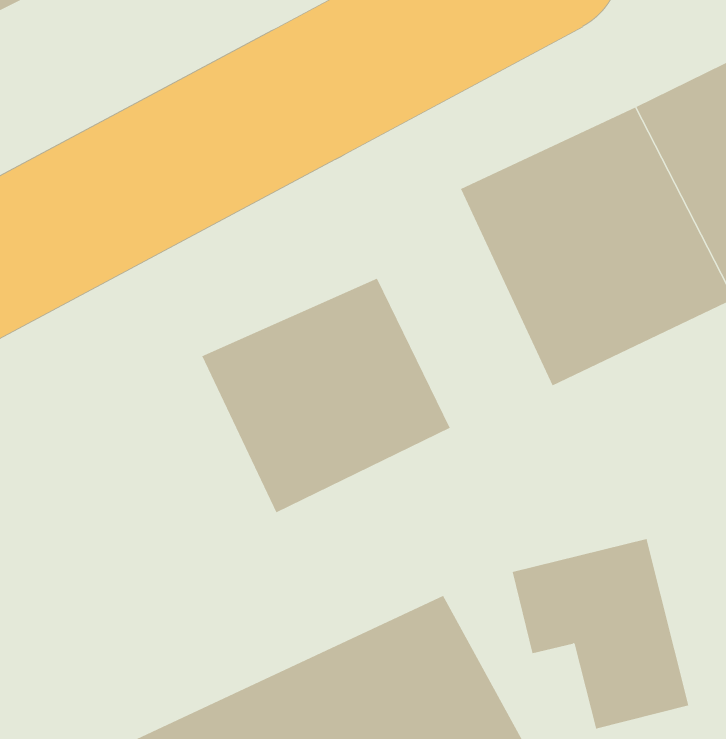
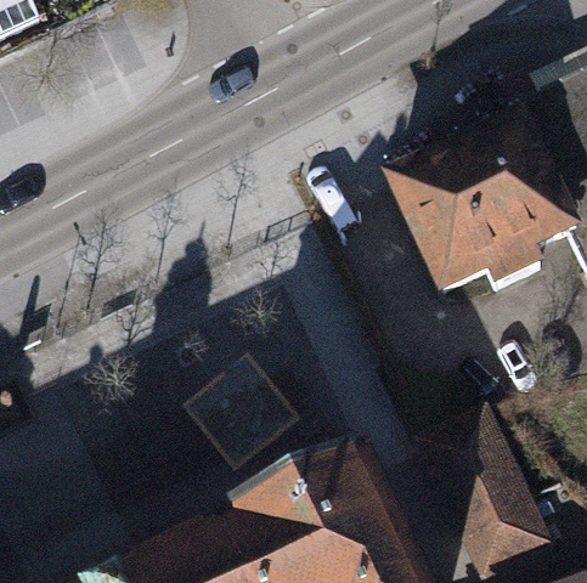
building: [201,278,450,513] -> none

